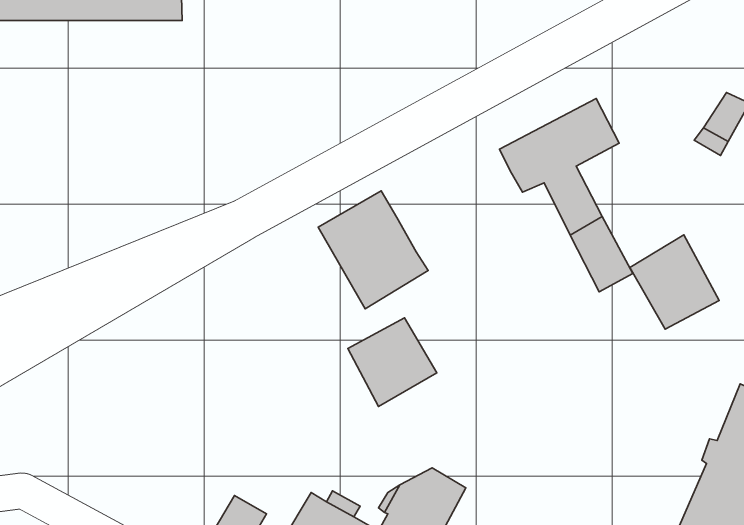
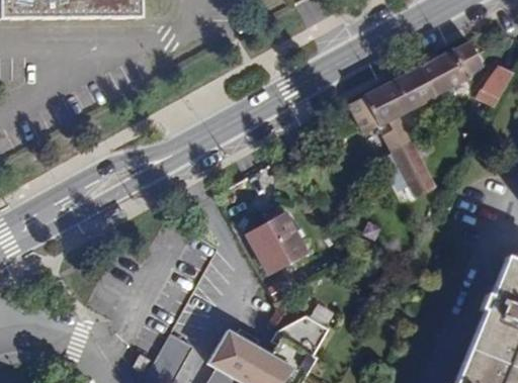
building: none -> [413,40,484,99]
building: [318,191,428,309] -> none
building: [630,235,719,329] -> none

